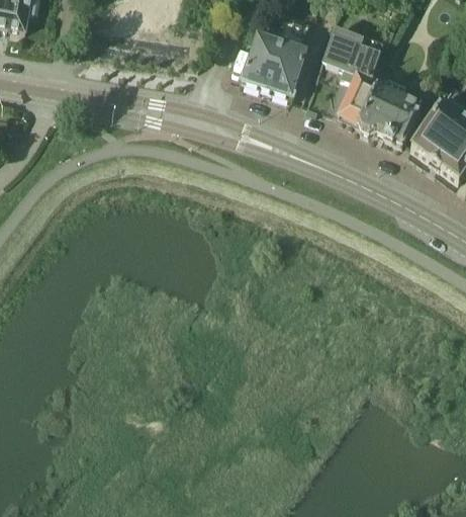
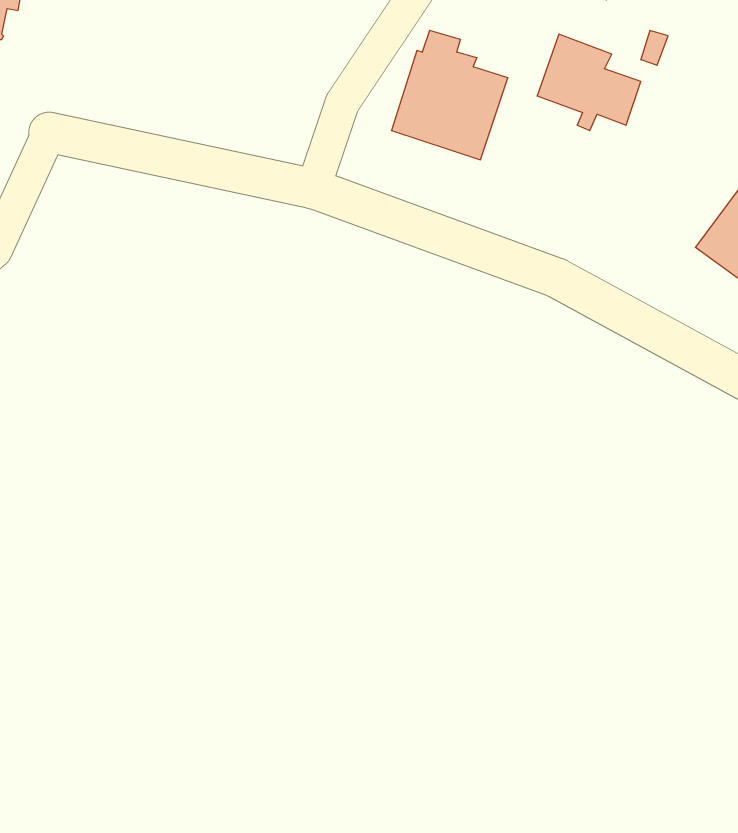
building: [337,68,421,141] -> none

